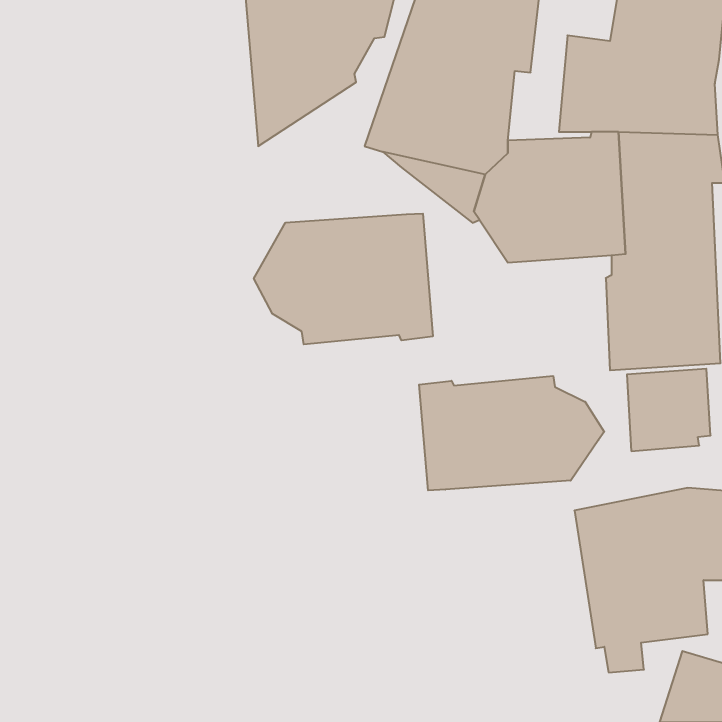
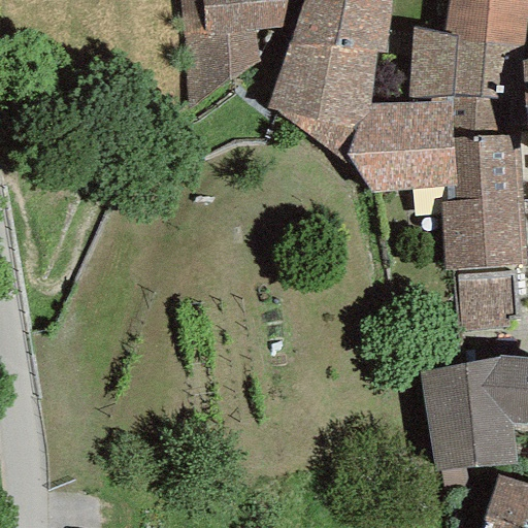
building: [254,214,433,344] -> none
building: [419,376,604,490] -> none

